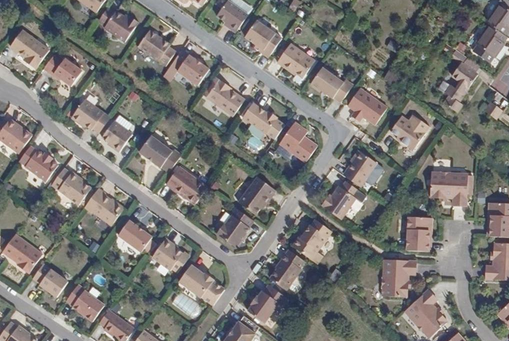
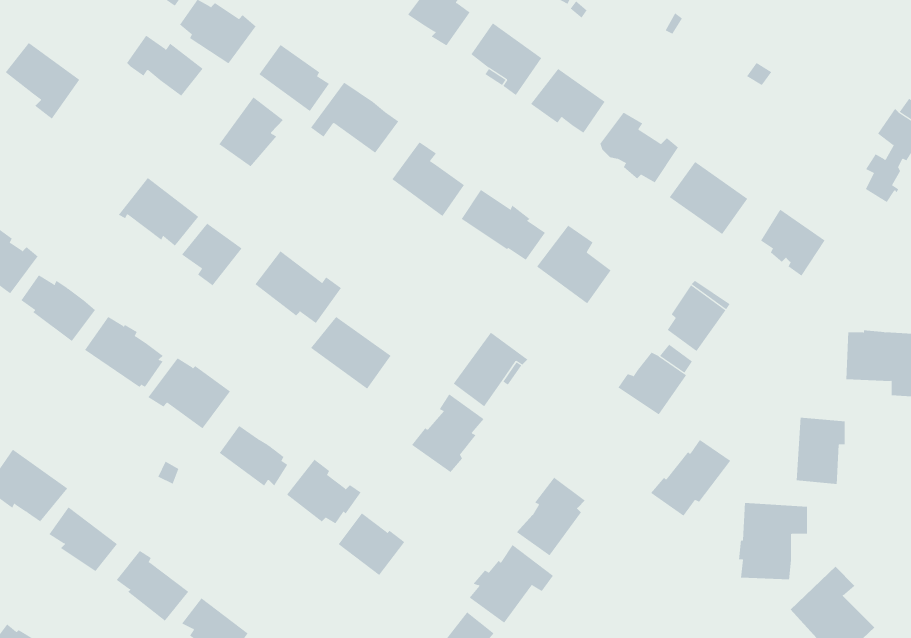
building: [42,53,81,84] -> [126,35,203,96]
building: none -> [218,97,284,167]
building: [290,217,331,256] -> [650,439,731,516]

